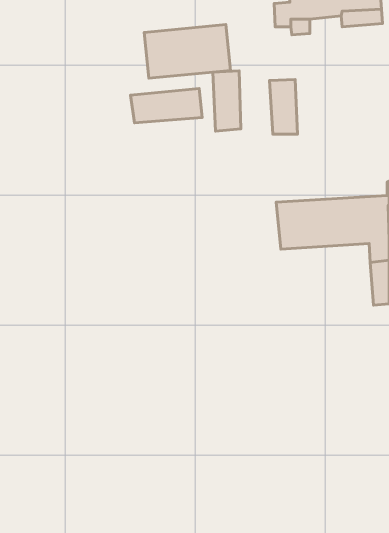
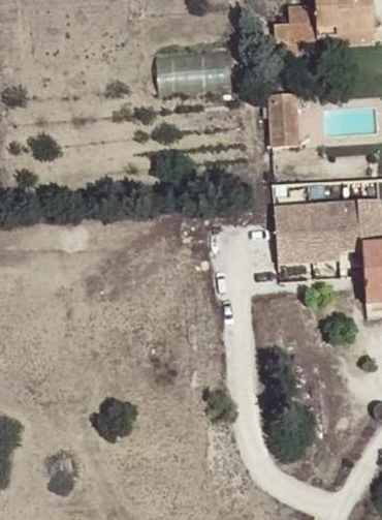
building: [213,71,241,131] -> none
building: [131,88,202,123] -> none

